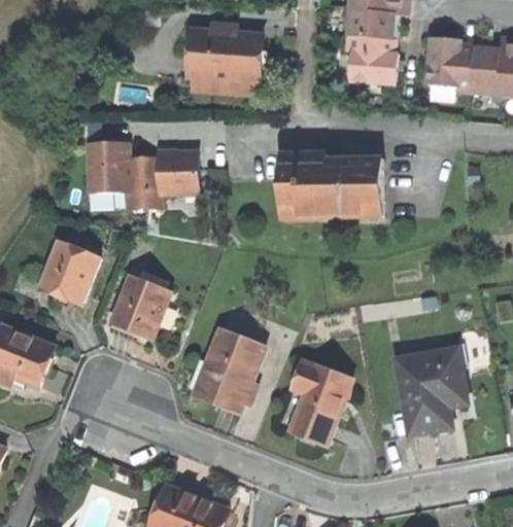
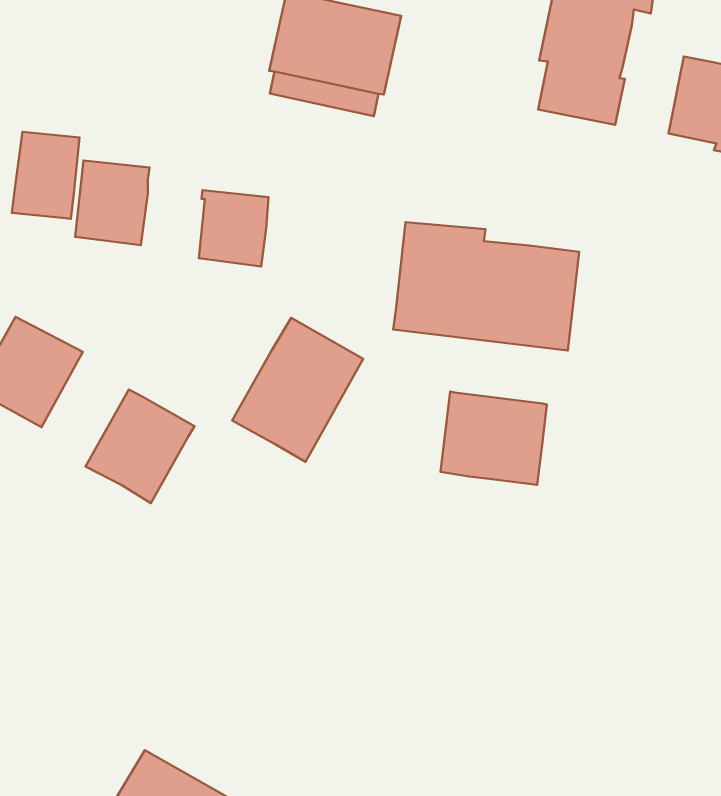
building: [126,156,161,206] -> [12,132,80,219]
building: none -> [441,392,547,485]
building: [194,329,266,413] -> [232,318,363,462]
building: [396,348,466,433] -> none
building: [288,360,350,445] -> none

